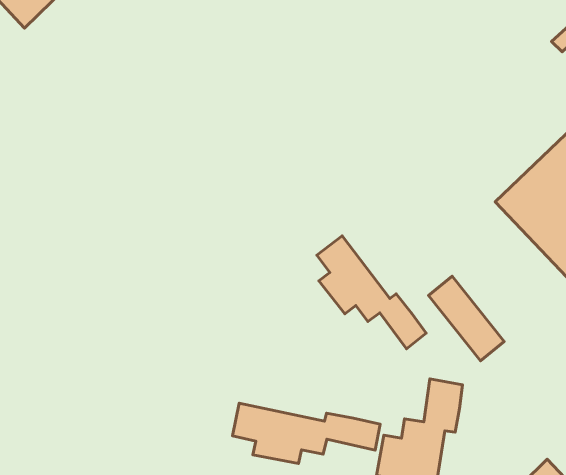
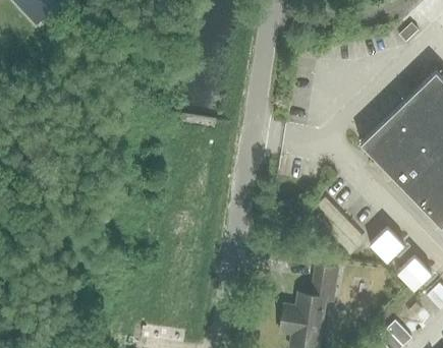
building: [317,236,426,349] -> none
building: [233,403,380,464] -> none

